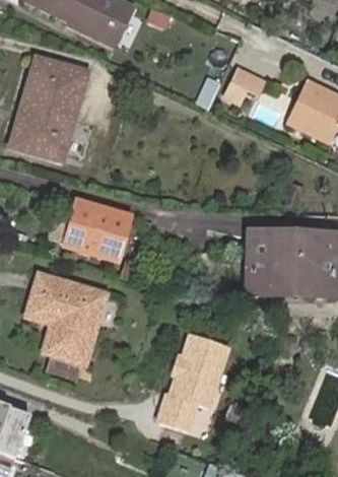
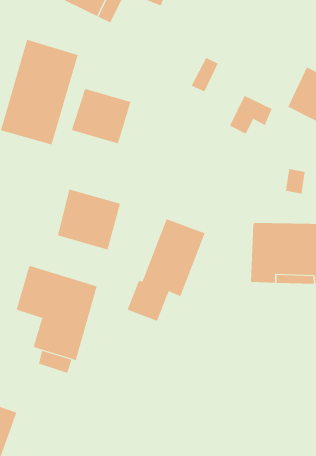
building: [224,65,266,103] -> [229,95,273,134]
building: none -> [71,88,131,144]
building: [153,334,228,432] -> [127,218,205,321]

